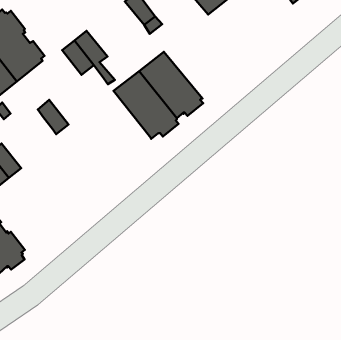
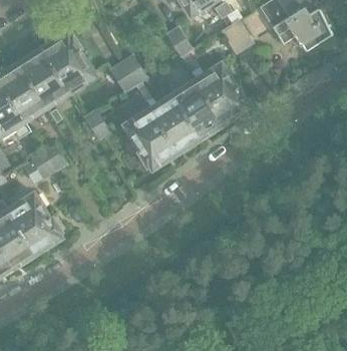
building: none -> [190,64,249,122]
building: none -> [123,108,176,170]

